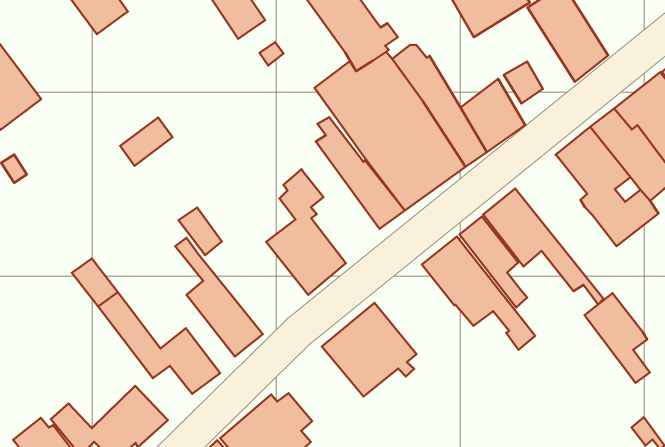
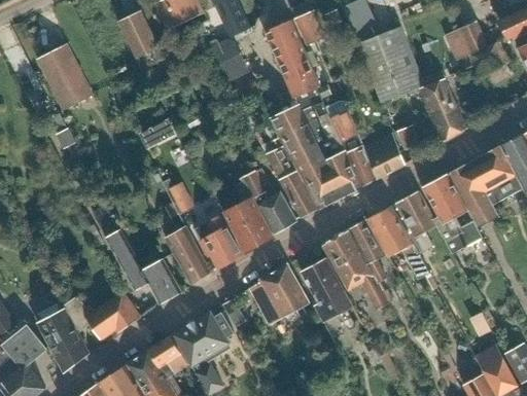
building: none -> [258,192,296,233]
building: none -> [196,215,242,266]
building: none -> [301,259,351,322]
building: [585,293,650,383] -> [396,191,434,252]

